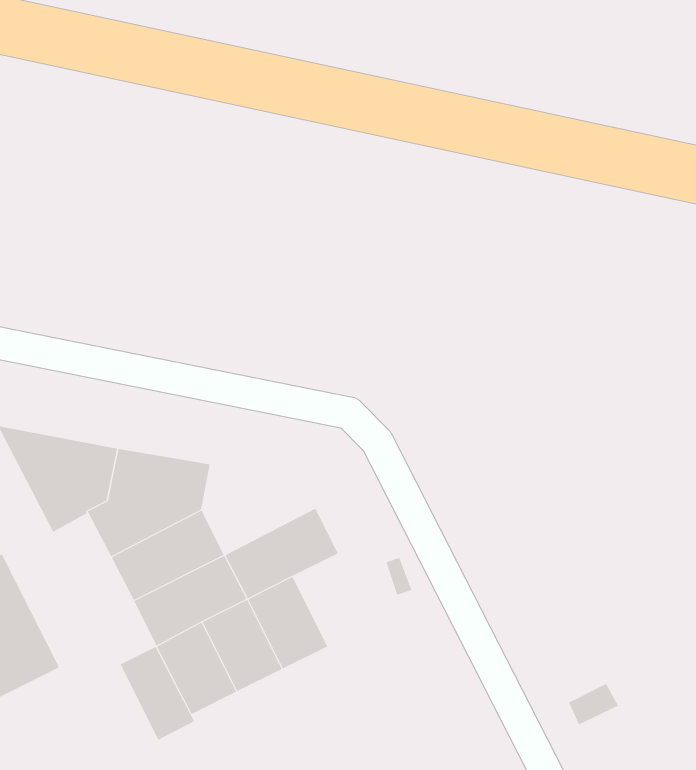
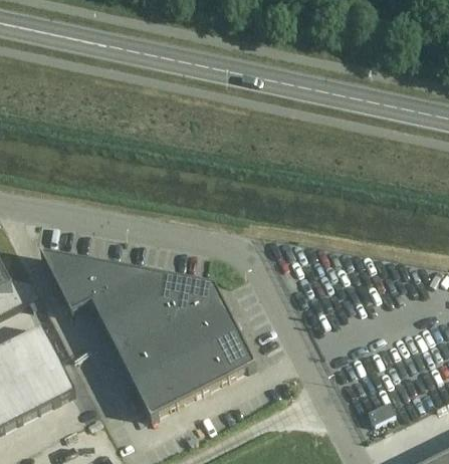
building: none -> [156,271,221,323]
building: none -> [208,322,254,376]
building: [120,646,195,740] -> none

